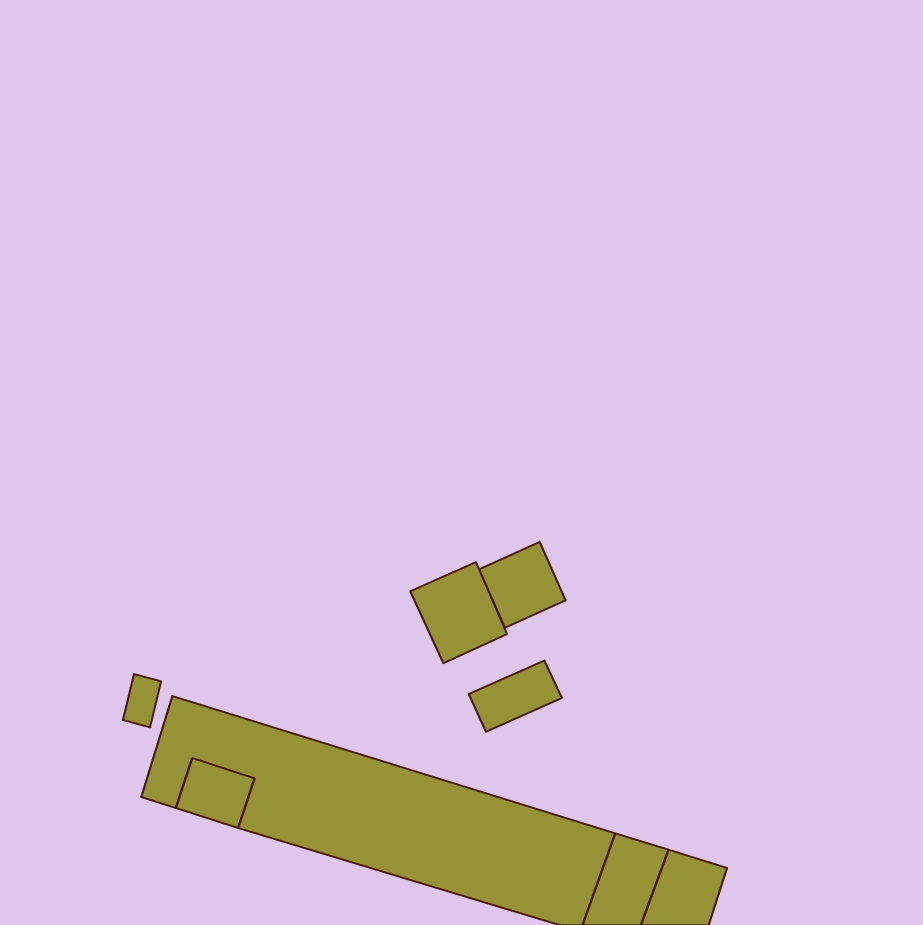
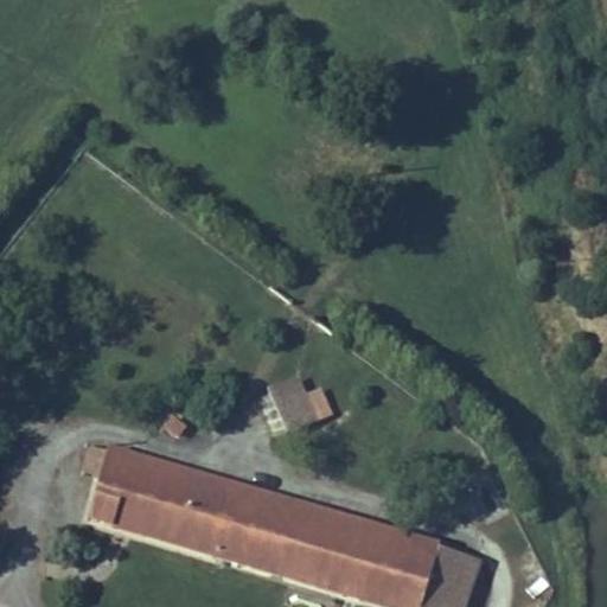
building: [479,542,565,628] -> none
building: [469,660,562,732] -> none

